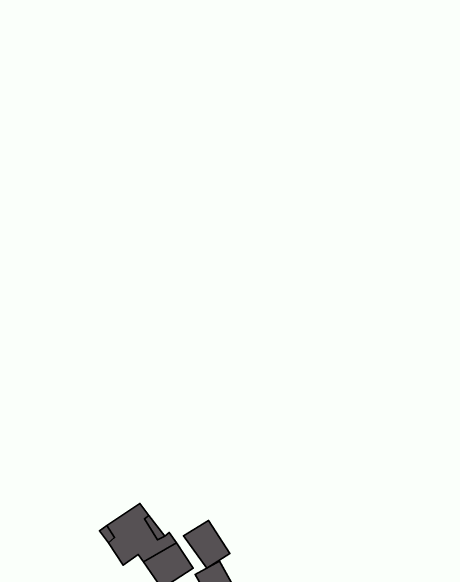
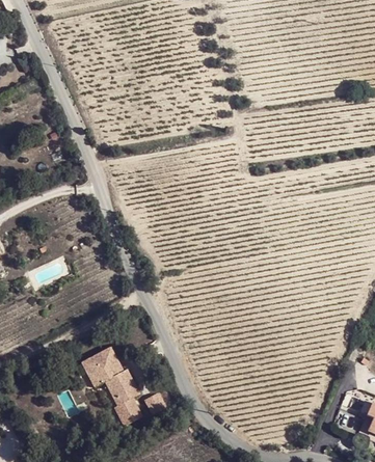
building: [183,521,230,568] -> none

